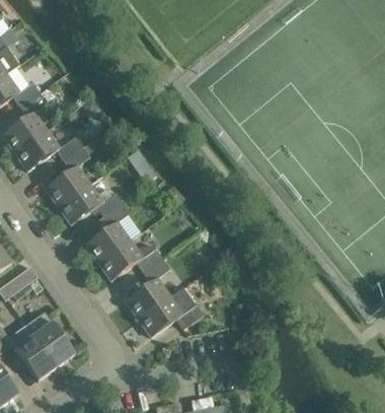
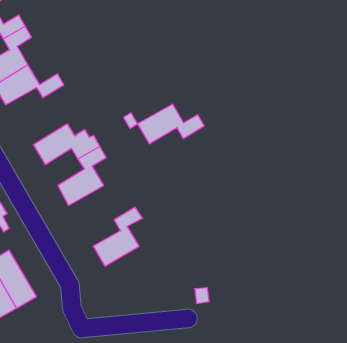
building: [45,146,89,207] -> none
building: [97,240,162,281] -> [138,104,204,144]
building: [138,287,203,337] -> none

